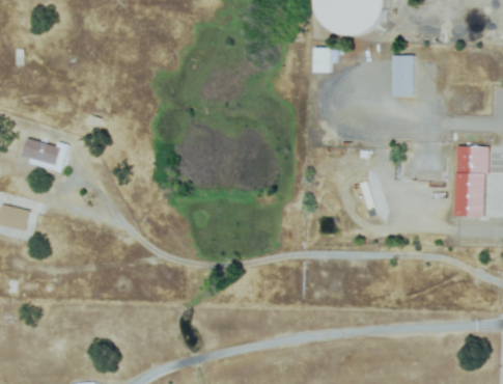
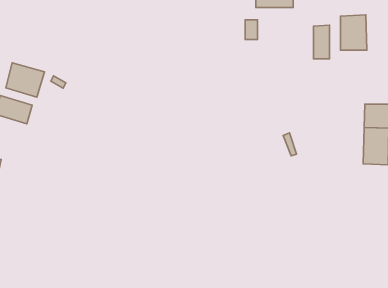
building: none -> [340,15,367,50]
building: none -> [6,63,45,97]

